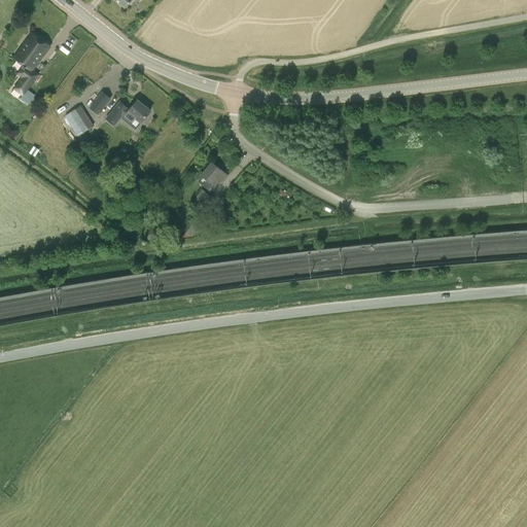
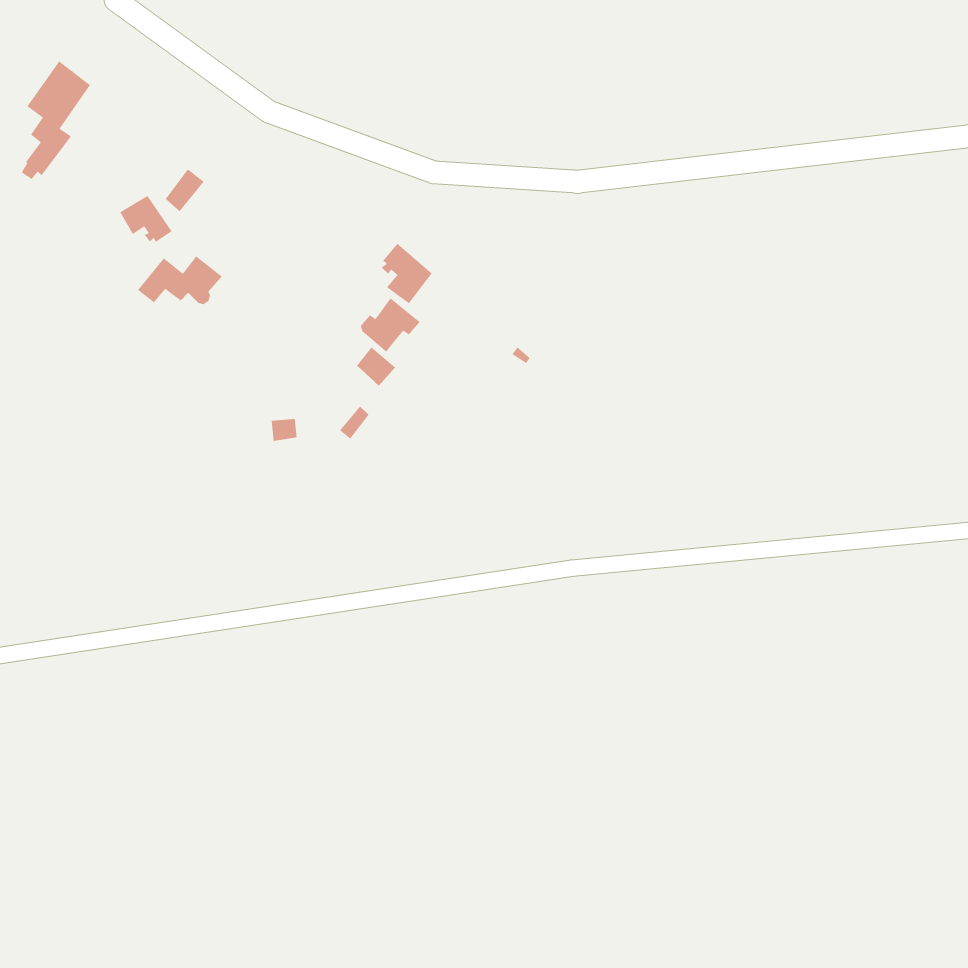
building: [105,100,151,127] -> [137,256,222,305]
building: none -> [381,243,433,304]

